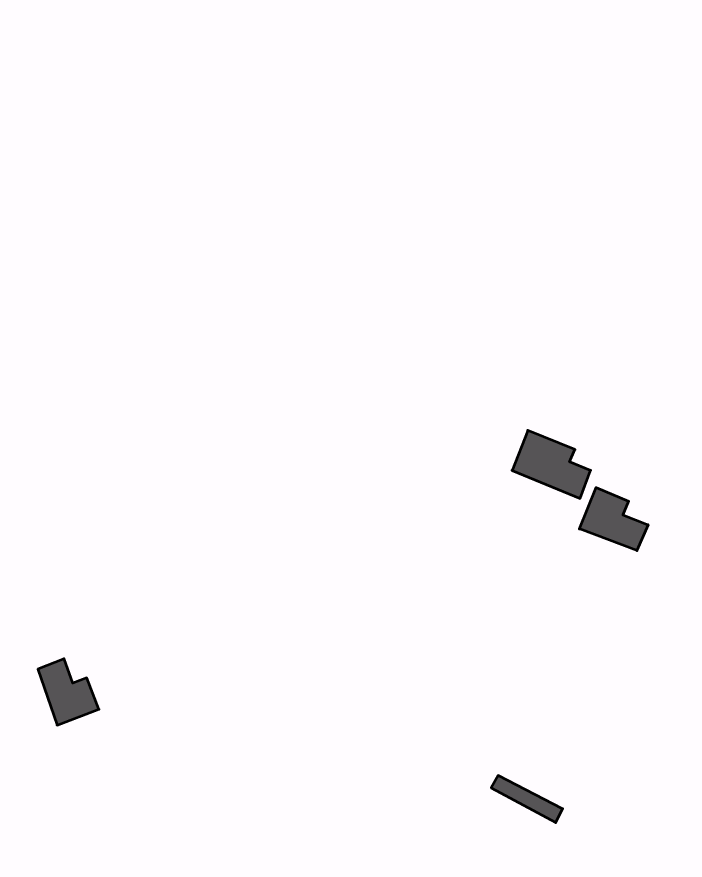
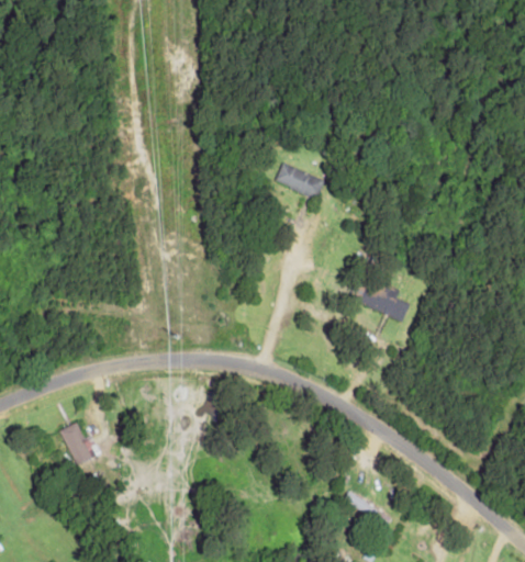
building: none -> [273,162,323,199]
building: [579,488,648,551] -> none

